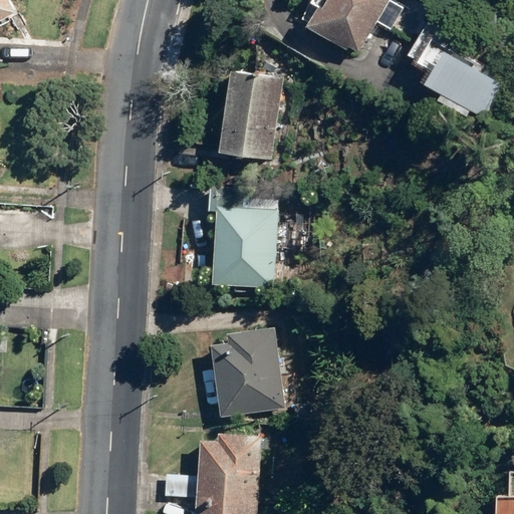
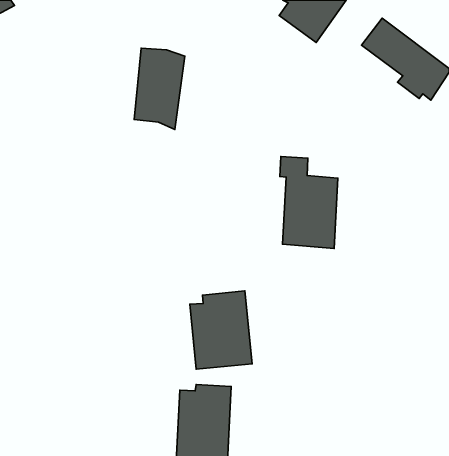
building: [223,70,279,161] -> [134,48,185,129]
building: [210,187,274,289] -> [280,156,338,249]

